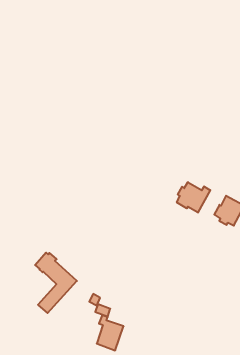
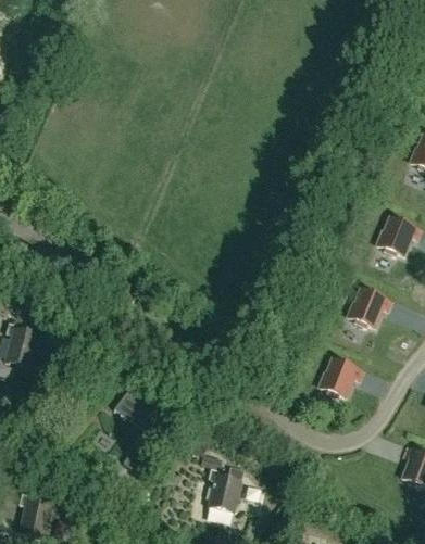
building: [177,182,210,213] -> none
building: none -> [320,357,364,396]

